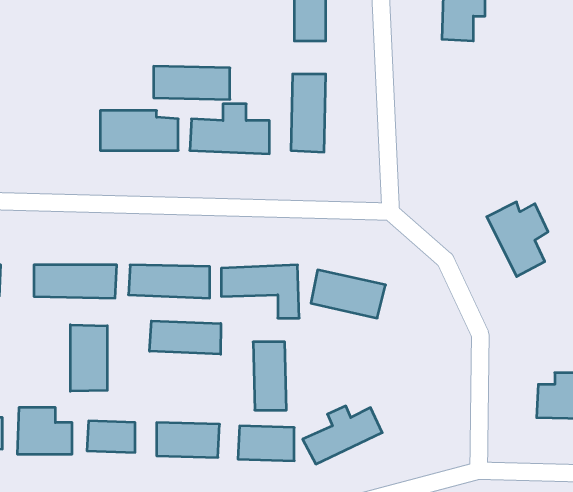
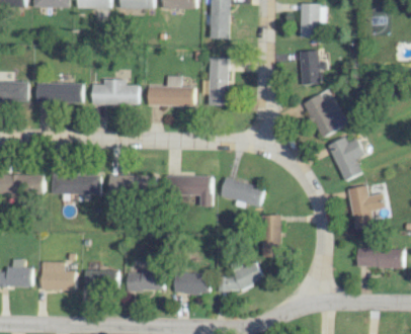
building: none -> [299,50,326,84]
building: [154,66,230,99] -> [35,82,82,102]
building: none -> [304,94,347,137]
building: none -> [349,185,374,229]
building: [150,321,221,354] -> none
building: [70,325,107,391] -> none
building: [253,342,286,410] -> [261,215,281,256]

